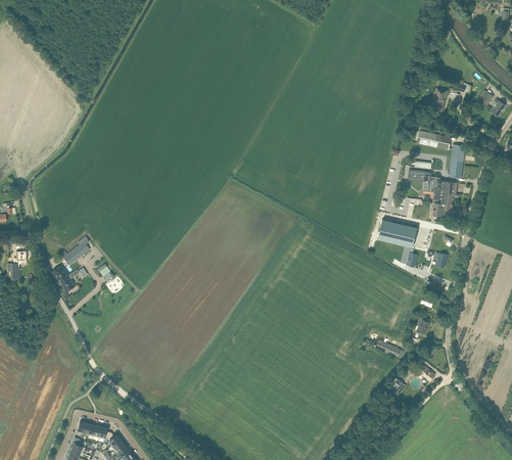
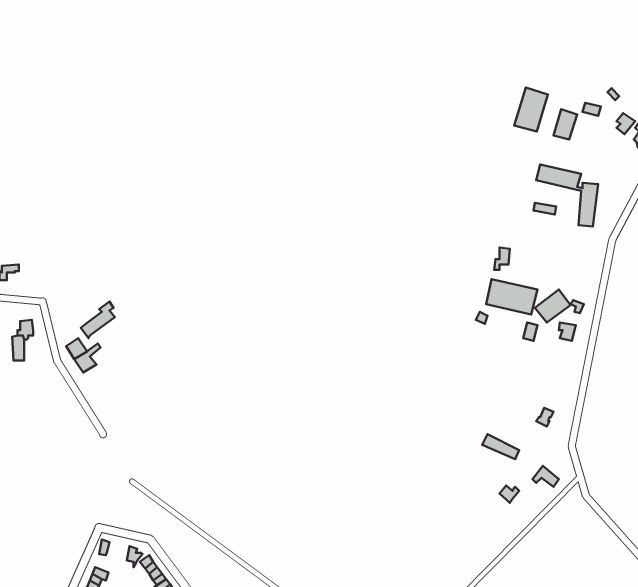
building: none -> [514,88,548,132]
building: [408,169,455,216] -> none

